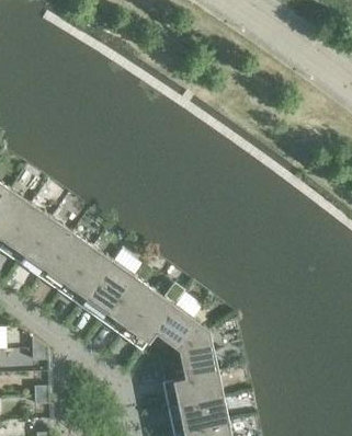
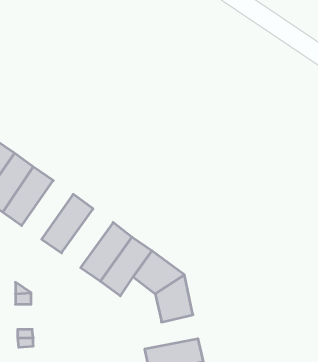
building: [38,230,92,291] -> none
building: [80,260,134,321] -> none
building: [161,370,223,406] -> none

